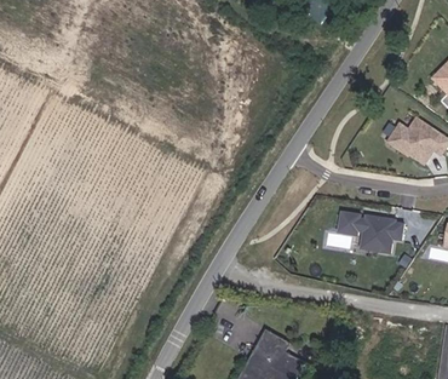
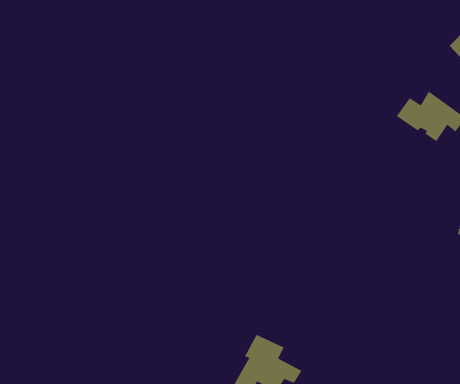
building: [335,207,402,249] -> none

